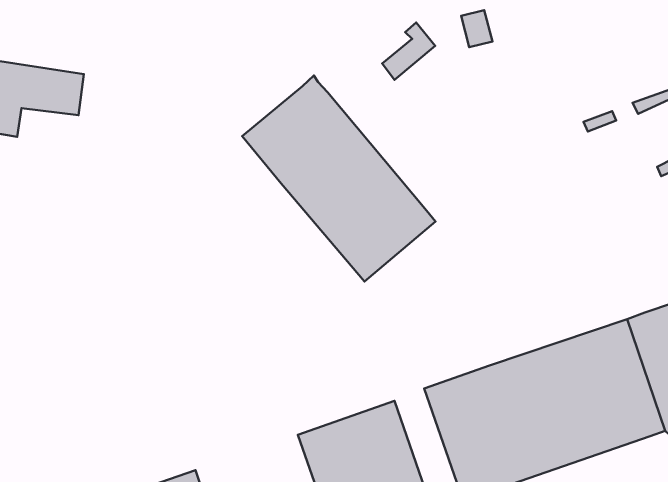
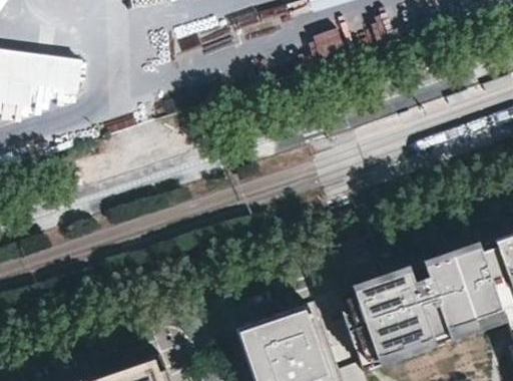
building: [242,75,435,281] -> none

